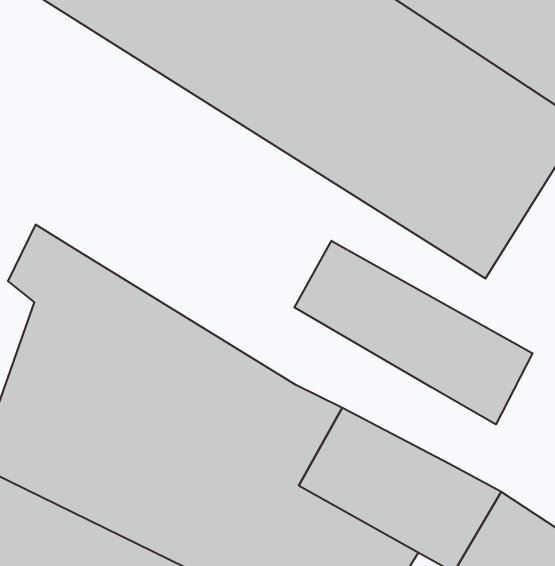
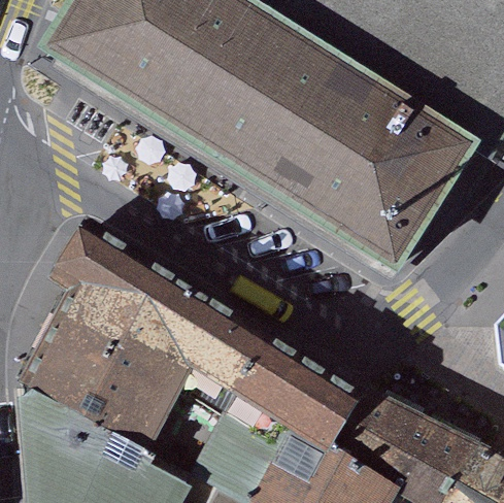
building: [294,241,533,424] -> none

